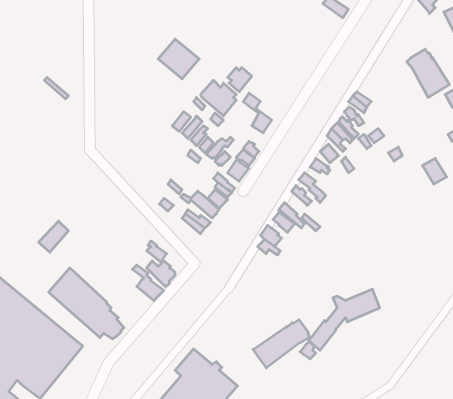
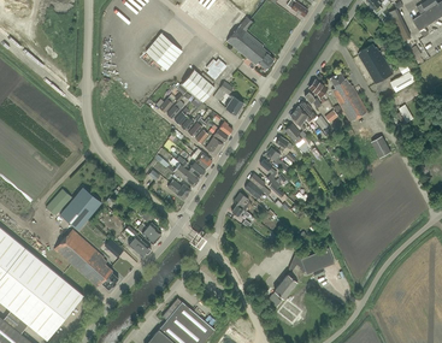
building: none -> [226,18,275,70]
building: none -> [330,72,367,123]
building: none -> [61,189,104,232]
building: [253,320,309,368] -> none

